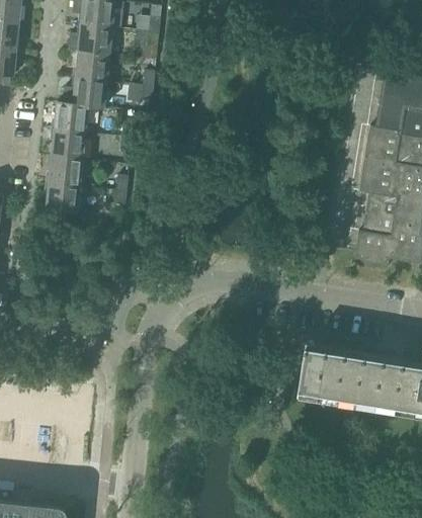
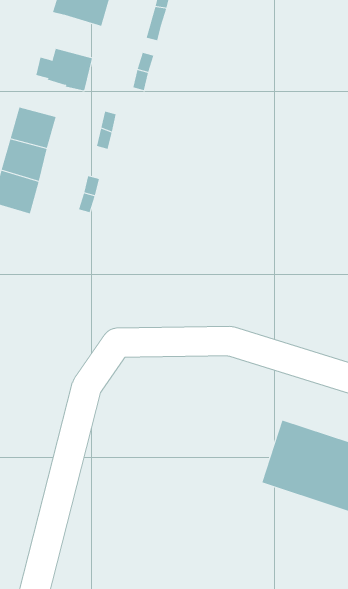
building: [74,52,108,82] -> none
building: [53,102,87,134] -> none

